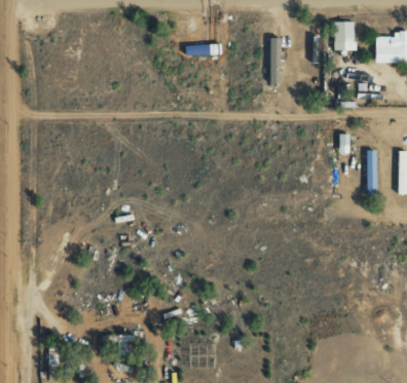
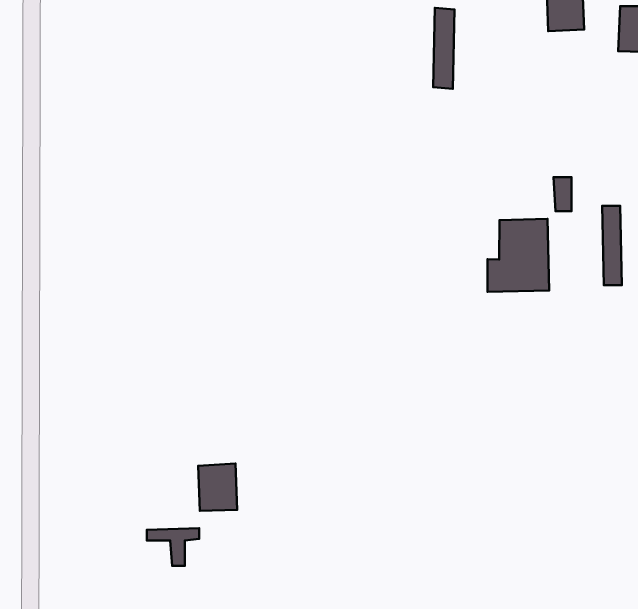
building: none -> [488,219,549,292]
building: none -> [198,463,237,511]

